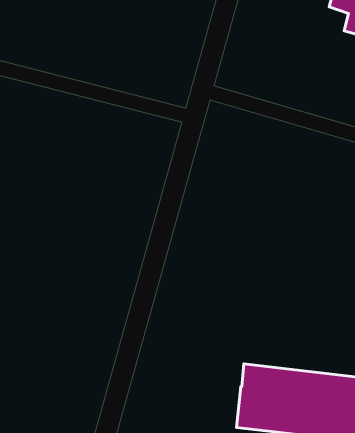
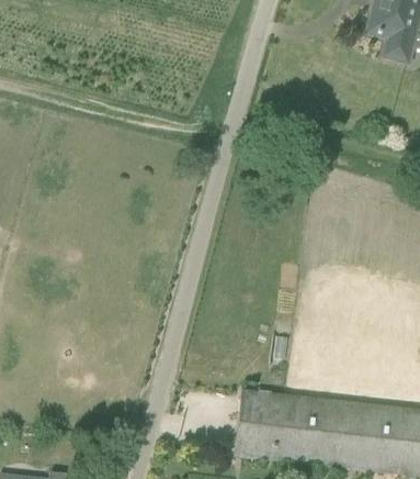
building: none -> [236,389,283,458]

